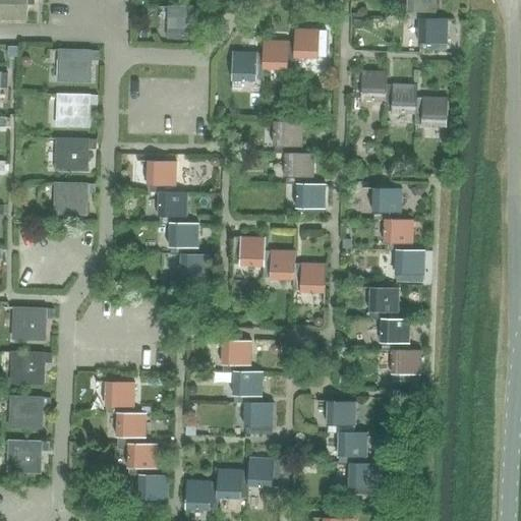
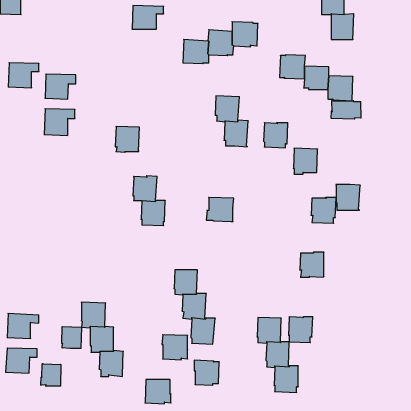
building: [59,50,98,81] -> [8,63,39,88]
building: none -> [331,101,361,119]
building: [55,182,95,214] -> none
building: [296,184,327,216] -> [264,123,288,148]
building: [158,190,187,224] -> none
building: [384,218,414,250] -> [336,184,360,210]
building: [233,237,265,266] -> none
building: [292,263,325,293] -> none
building: [368,287,398,320] -> none
building: [13,307,53,339] -> none
building: [391,349,421,382] -> [289,317,313,342]
building: [11,352,52,383] -> none
building: none -> [62,327,81,348]
building: none -> [41,364,61,386]
building: [215,467,247,499] -> [162,335,188,360]
building: [138,473,168,507] -> none

